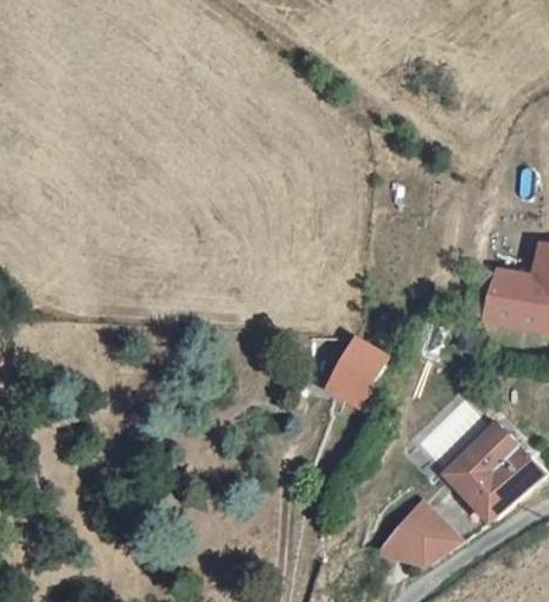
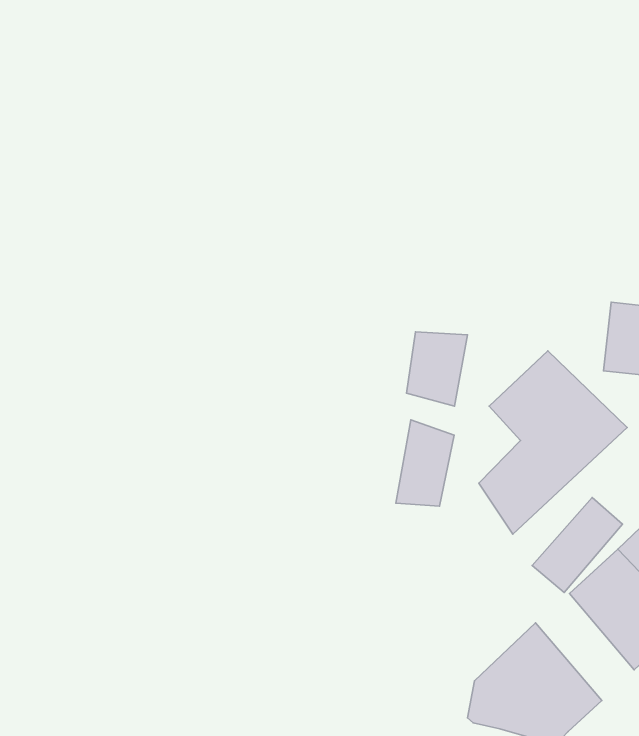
building: none -> [406,332,467,406]
building: none -> [479,351,627,534]

